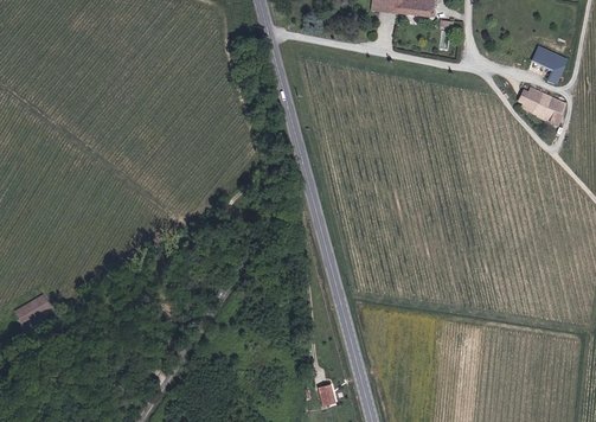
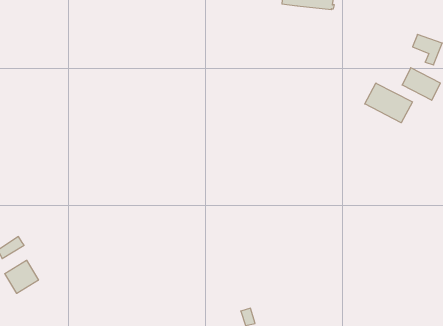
building: none -> [365,83,412,123]
building: none -> [5,260,38,293]

